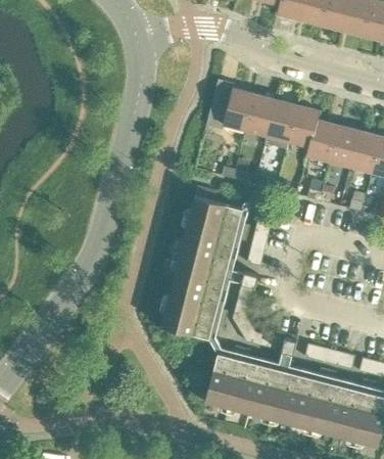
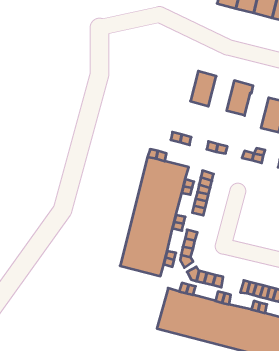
building: [207,85,254,130] -> none
building: [265,100,297,149] -> none
building: [306,120,338,162] -> none

